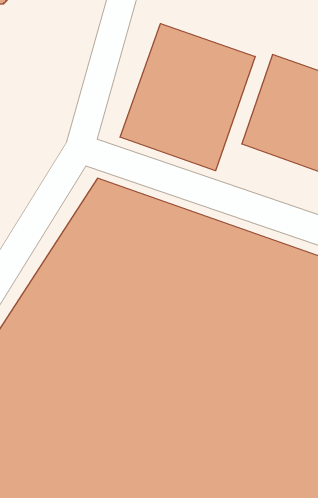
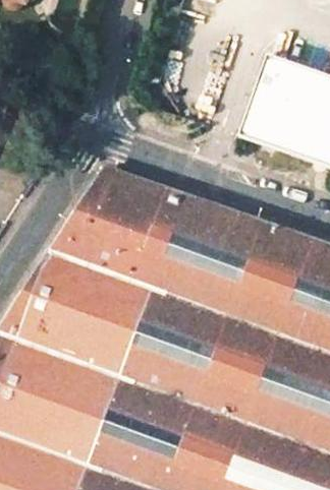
building: [120,24,255,171] -> none

